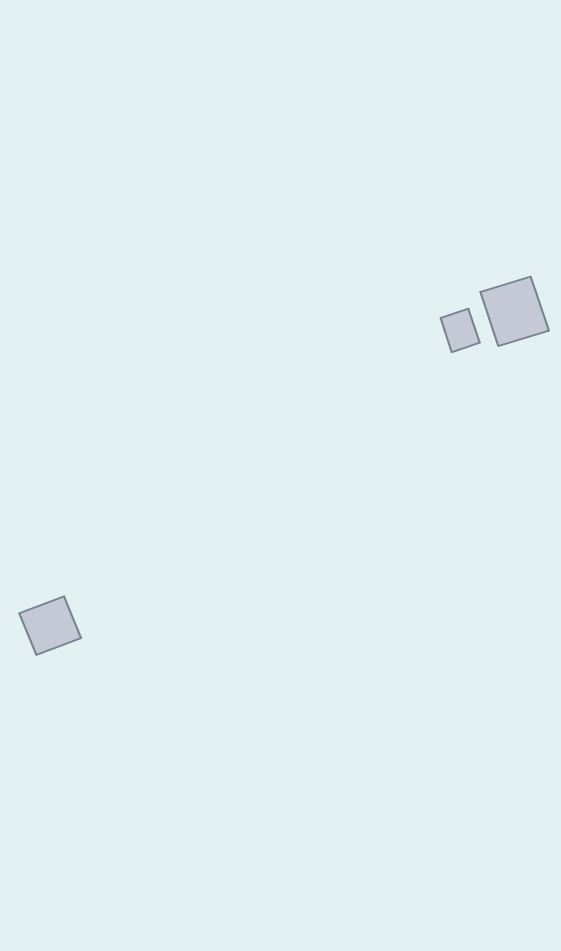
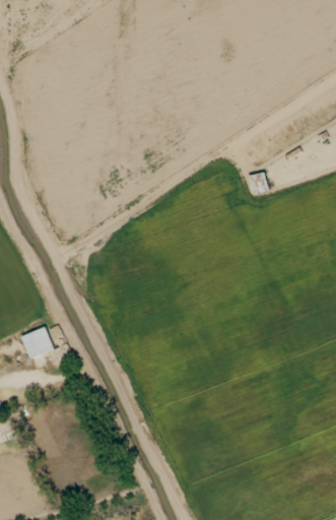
building: [480,277,549,346] -> none

